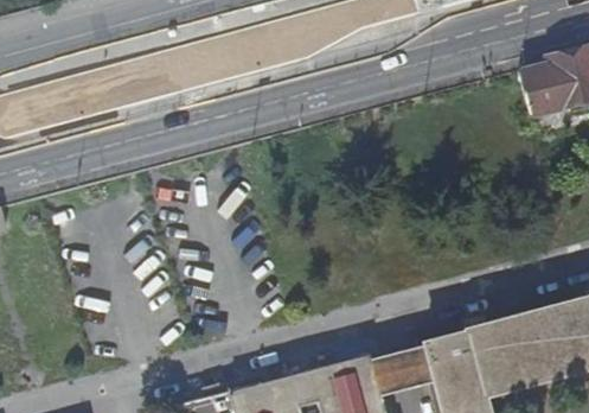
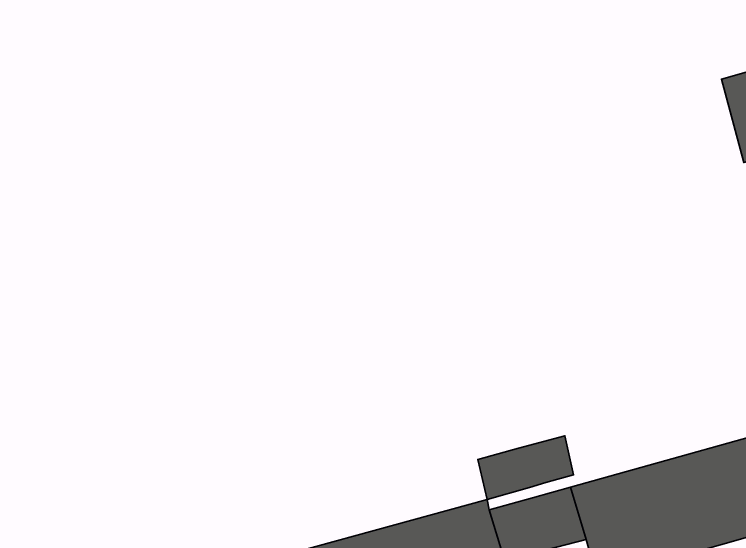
building: none -> [478,436,573,499]

